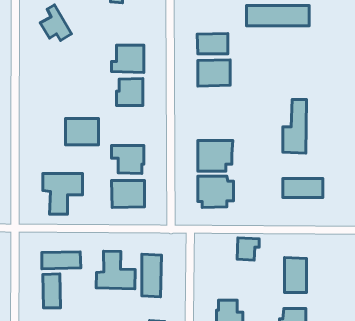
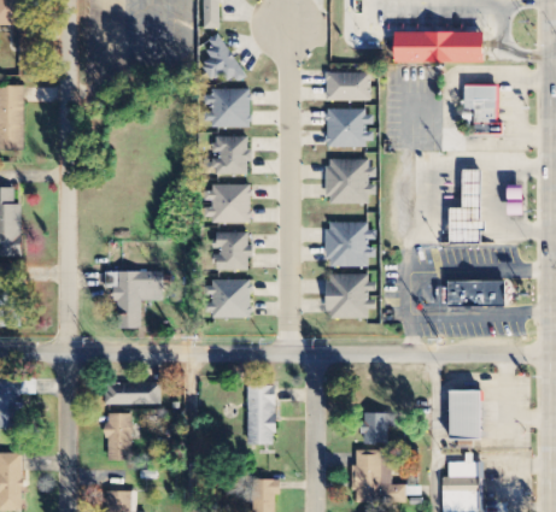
building: [40,5,72,41] -> [199,33,244,83]
building: none -> [463,81,497,122]
building: none -> [326,159,376,204]
building: [65,118,98,145] -> [204,184,251,222]
building: [237,238,259,260] -> [363,412,394,443]
building: [96,251,135,289] -> none

